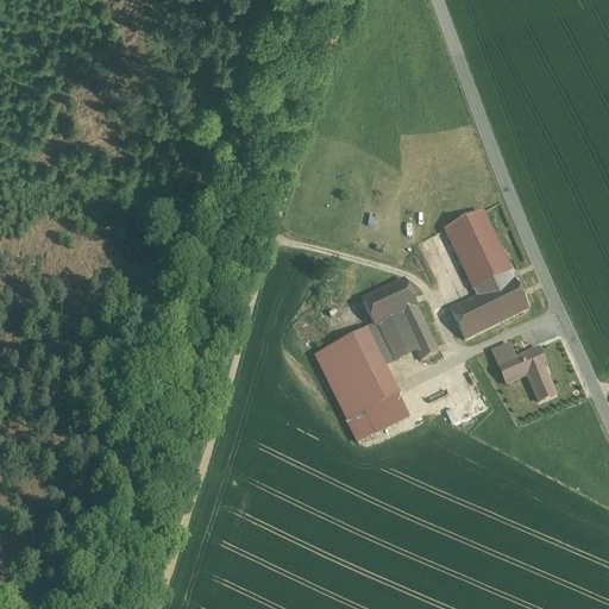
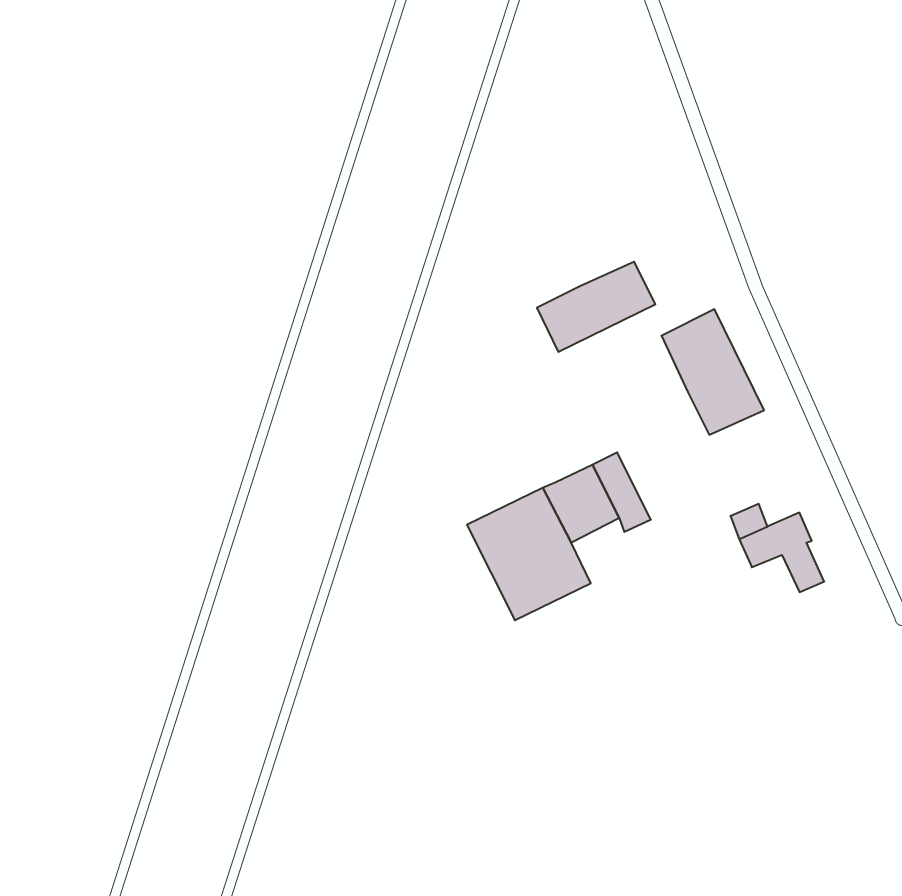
building: [448,276,528,337] -> [537,262,655,352]
building: [360,277,416,325] -> none
building: [346,393,408,440] -> none

